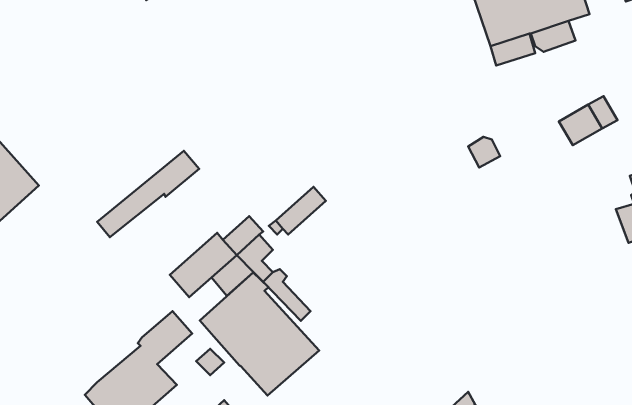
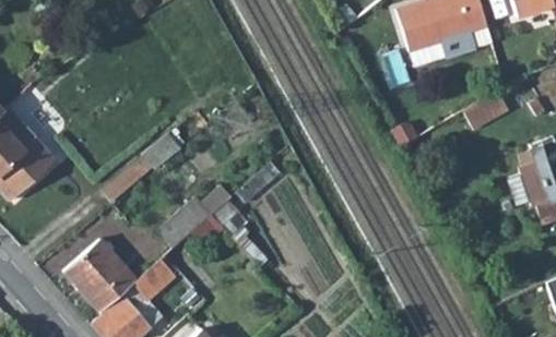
building: [200,272,319,396] -> none
building: none -> [64,239,138,314]

